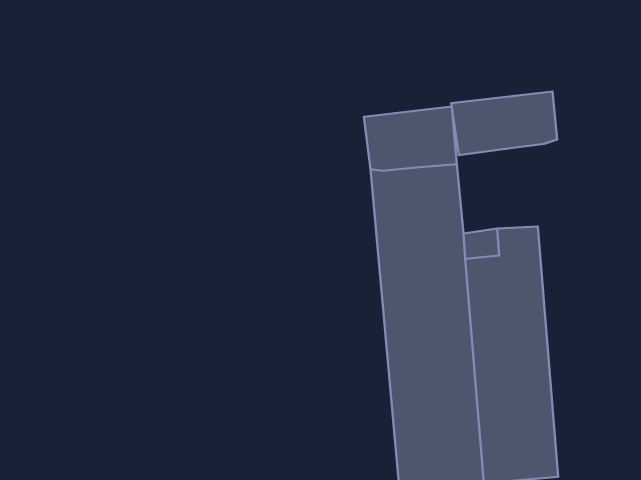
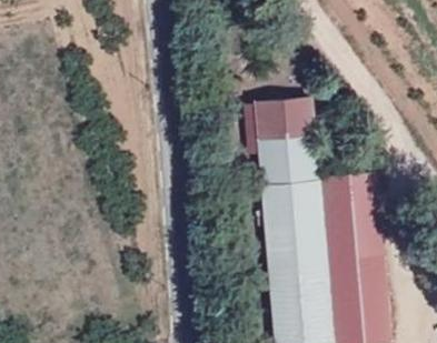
building: [451,92,557,155] -> none

